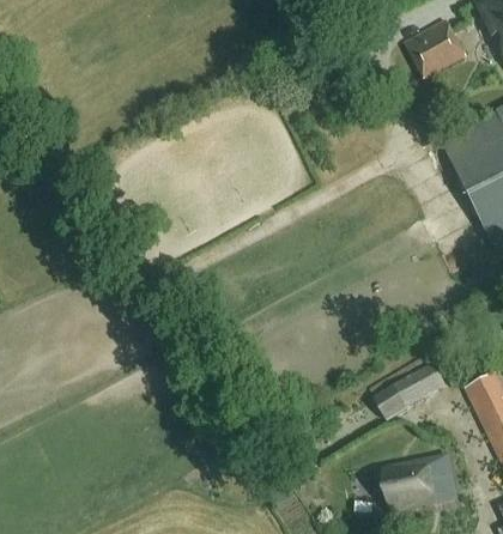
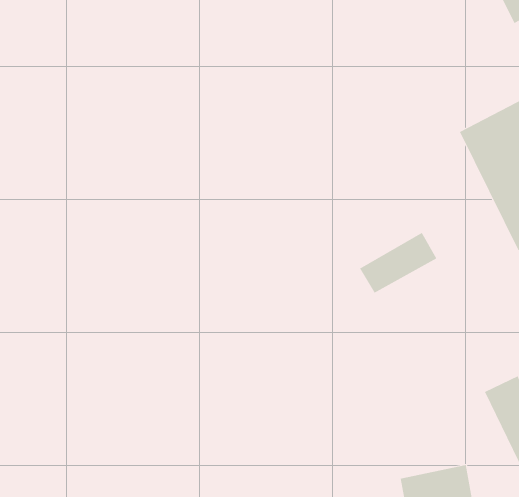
building: [407,20,463,72] -> none
building: [374,362,448,420] -> [359,232,437,294]

